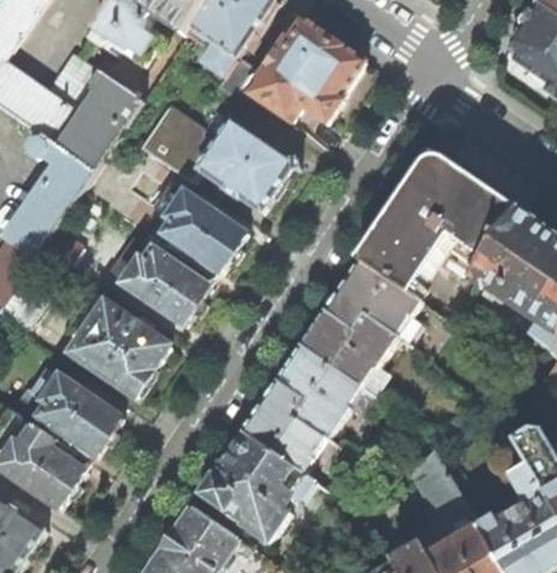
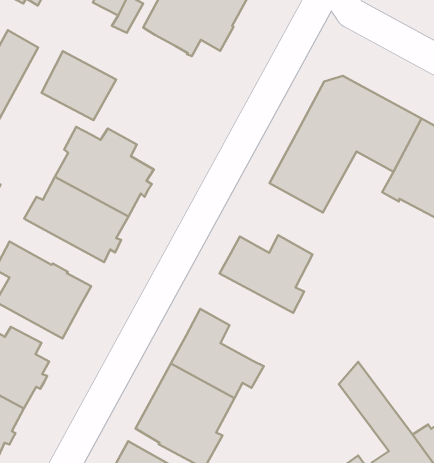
building: [195,118,295,210] -> none
building: [323,259,419,340] -> none
building: [276,345,369,437] -> none

